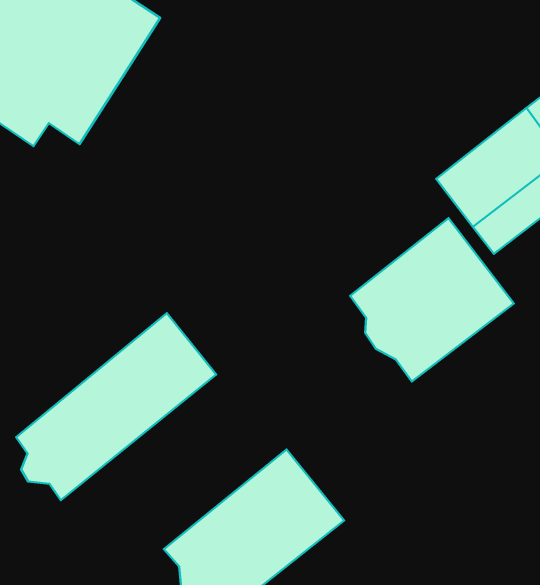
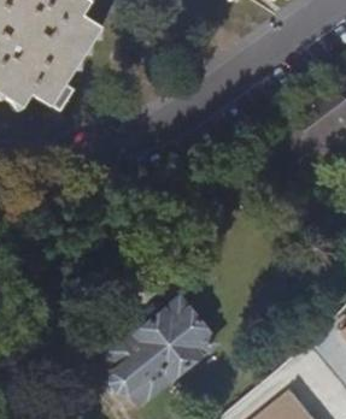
building: [350,218,514,382] -> none
building: [16,313,216,500] -> none

